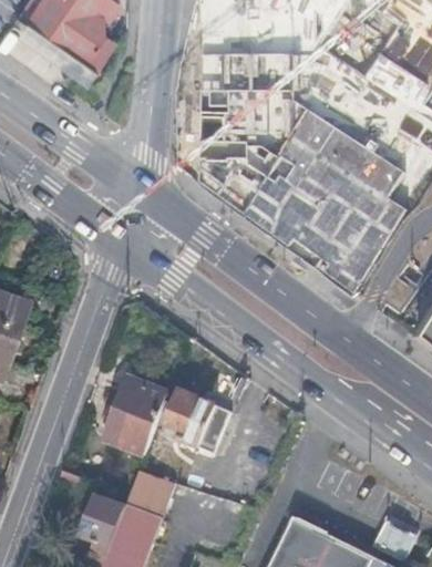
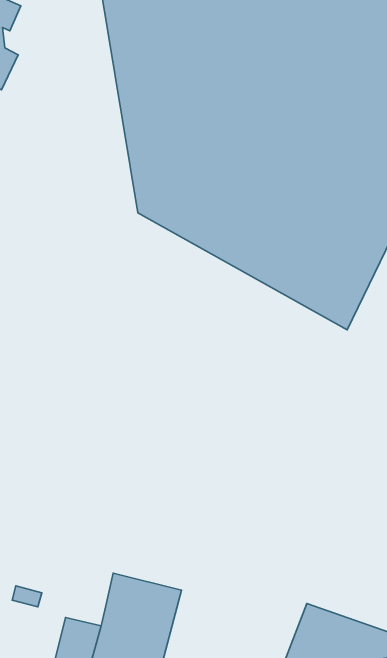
building: [107,375,171,452] -> none
building: [166,390,234,455] -> none

